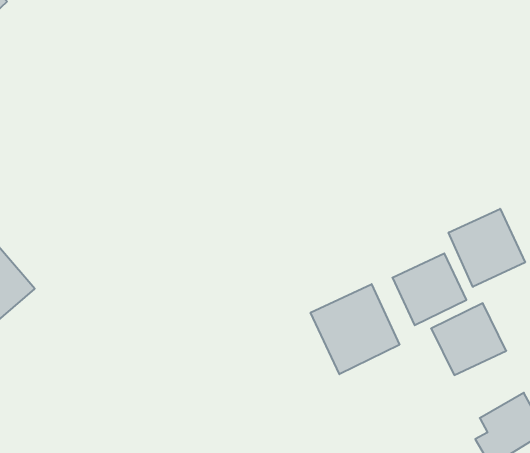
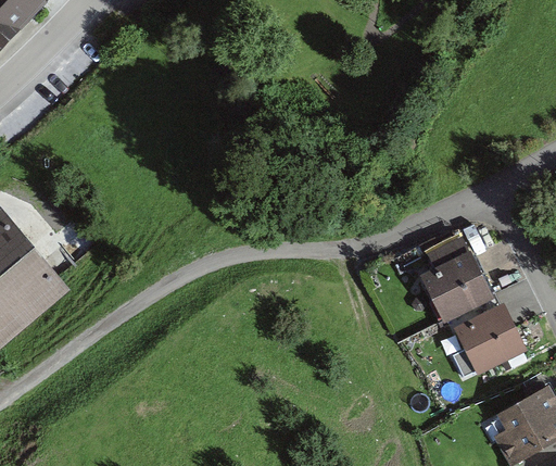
building: [449,209,525,287] -> none
building: [311,284,399,374] -> none

